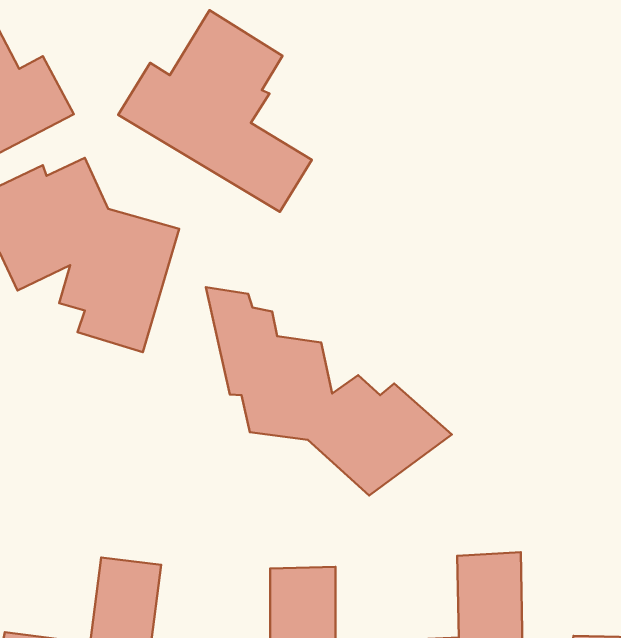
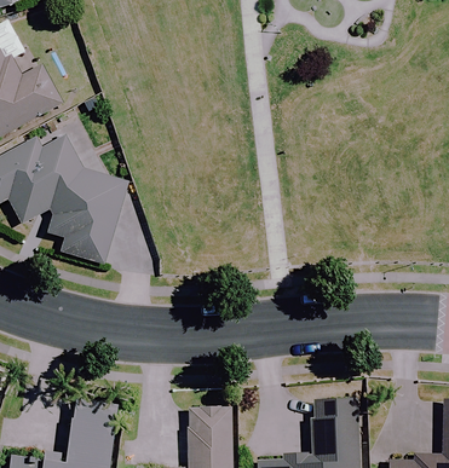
building: [118,10,312,212] -> none
building: [206,287,452,496] -> none

